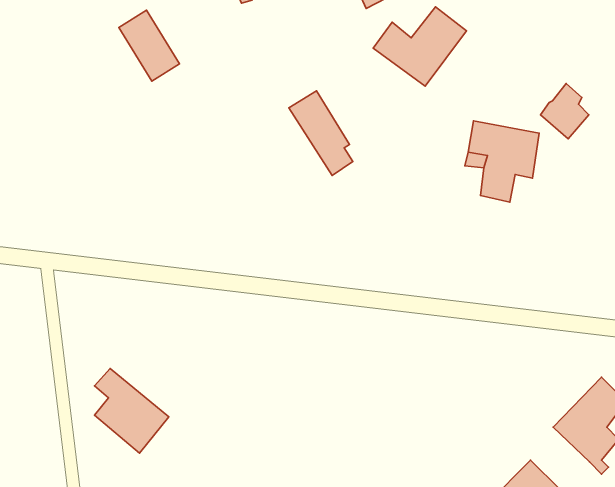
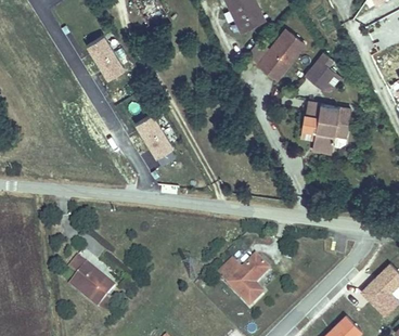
building: [540,84,589,139] -> [304,57,334,92]
building: [289,91,353,175] -> [134,108,175,161]
building: none -> [219,254,270,302]

